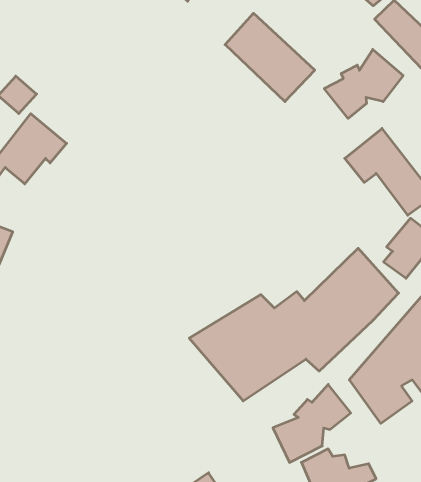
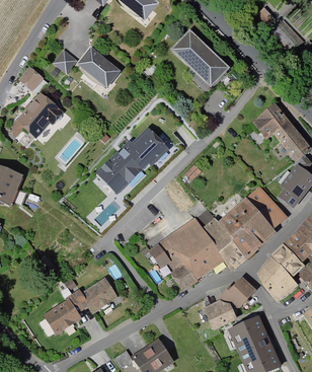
building: none -> [52,46,122,86]
building: [324,49,403,118] -> none
building: none -> [96,125,166,193]
building: none -> [42,275,120,338]

